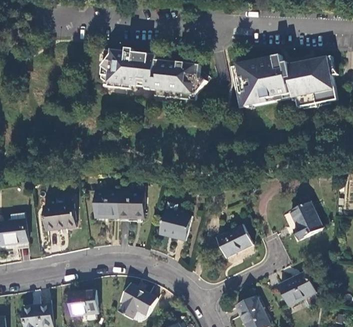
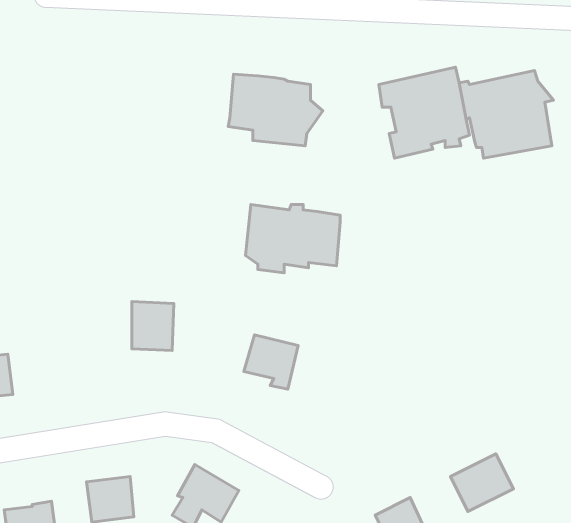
building: [100,49,154,88] -> [246,205,340,273]
building: [119,190,143,217] -> none
building: [290,200,323,238] -> none
building: [43,202,76,230] -> none
building: [217,224,252,256] -> none

